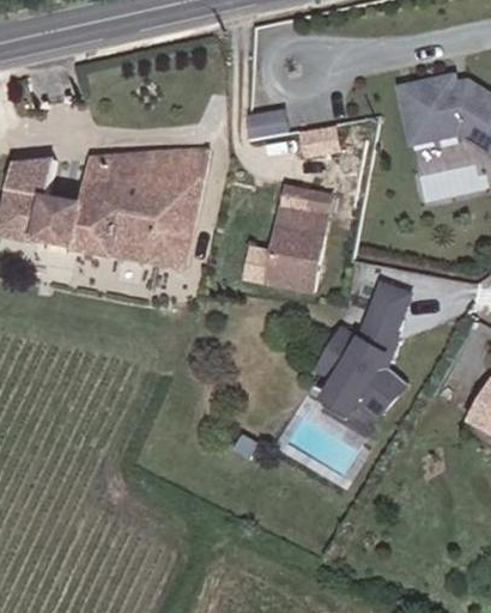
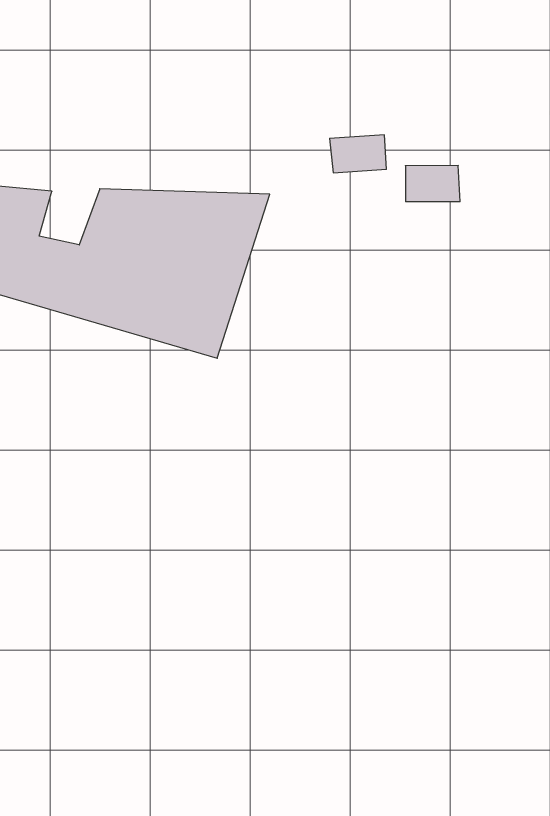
building: [265,195,326,296] -> none
building: [322,278,413,415] -> none

